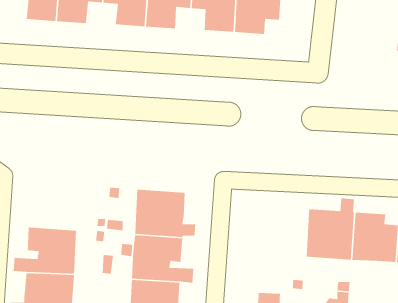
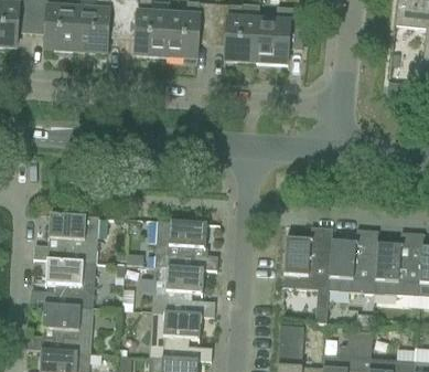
building: none -> [34,213,99,263]
building: none -> [282,225,332,290]

